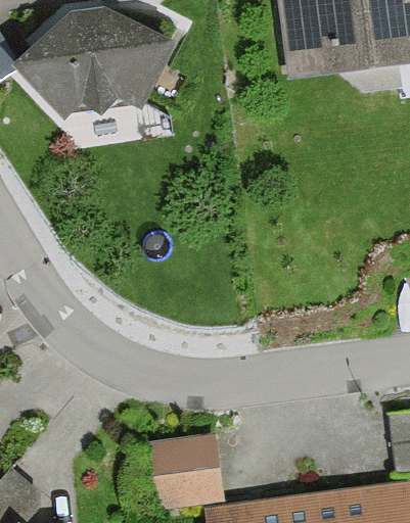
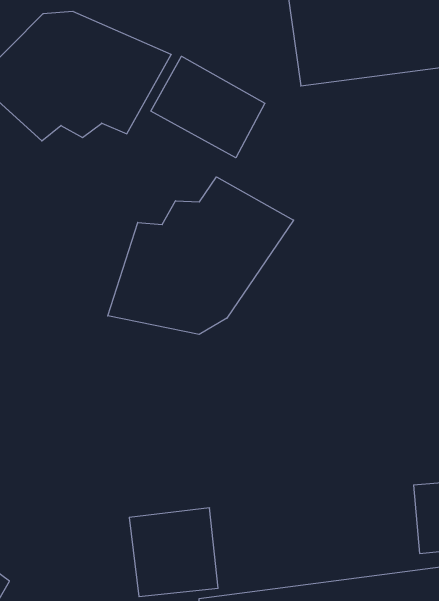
building: none -> [151,56,265,158]
building: none -> [108,177,294,334]

